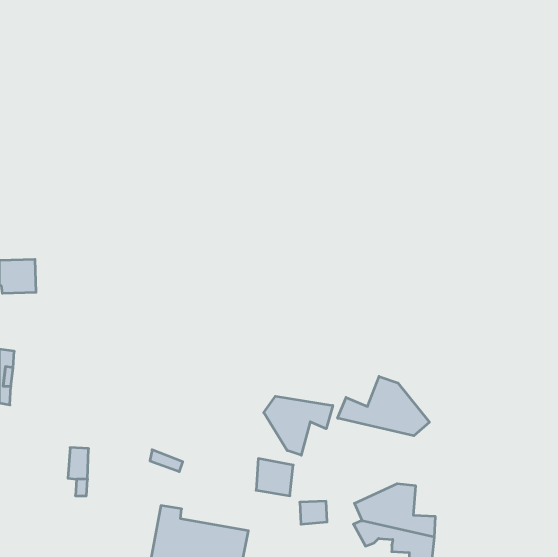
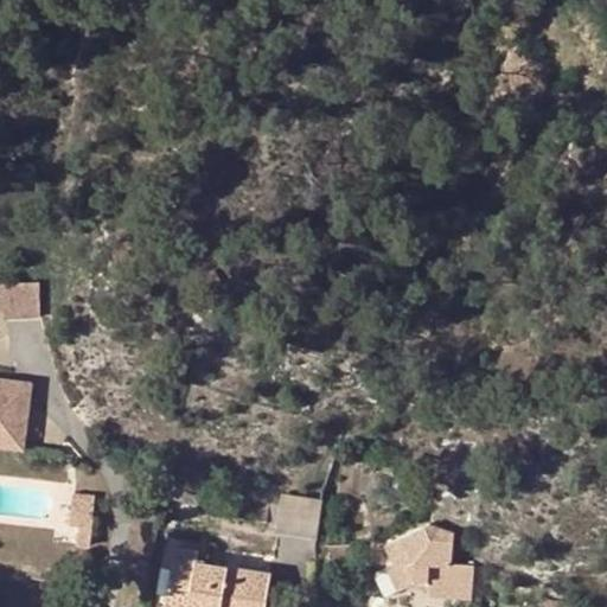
building: [338,376,429,436] -> none
building: [264,396,333,455] -> none

